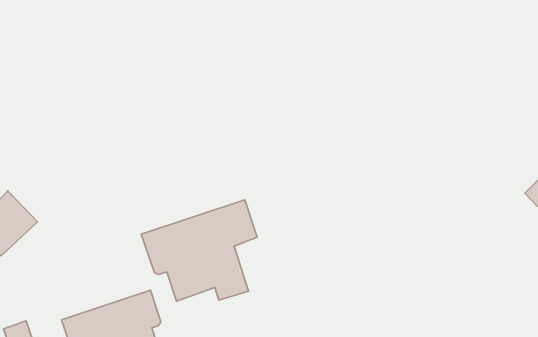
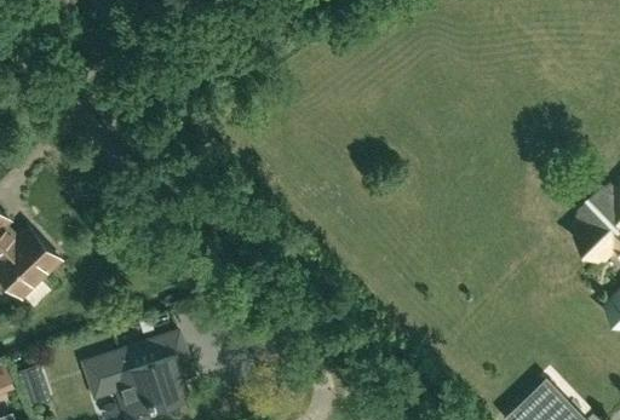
building: [141,200,257,301] -> none

